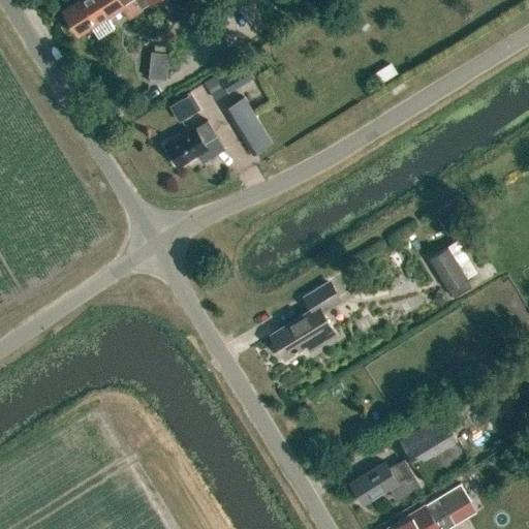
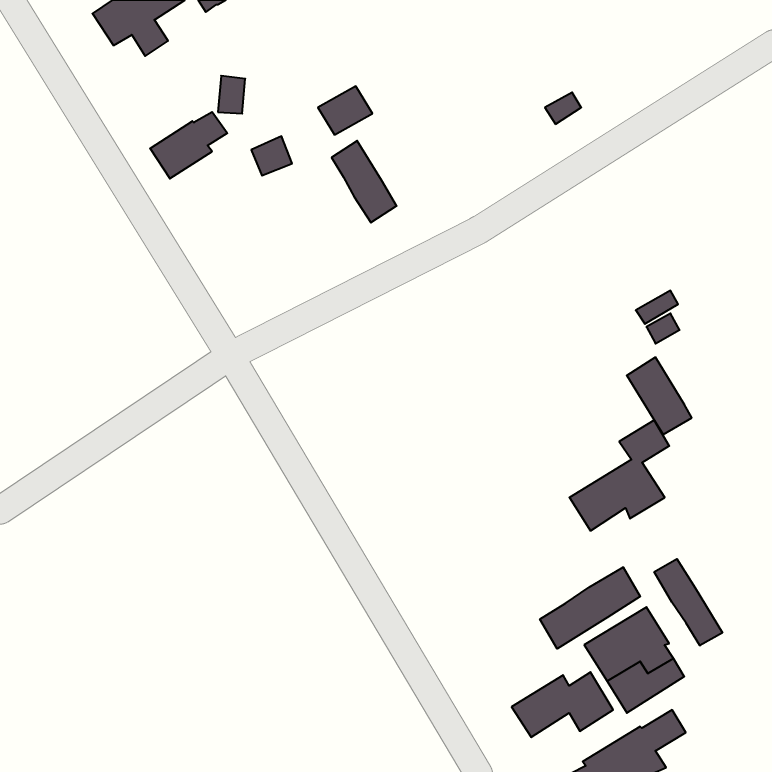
building: [165,121,218,166] -> [150,112,227,179]
building: [272,283,340,359] -> [569,420,669,531]
building: none -> [654,559,722,646]
building: none -> [540,567,640,649]

